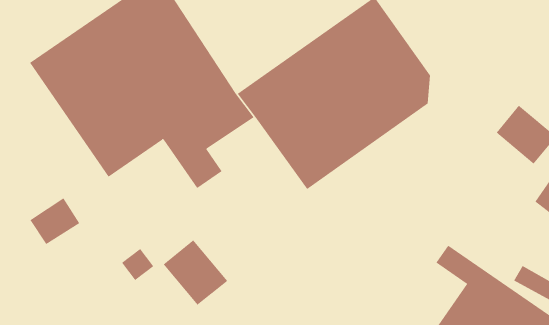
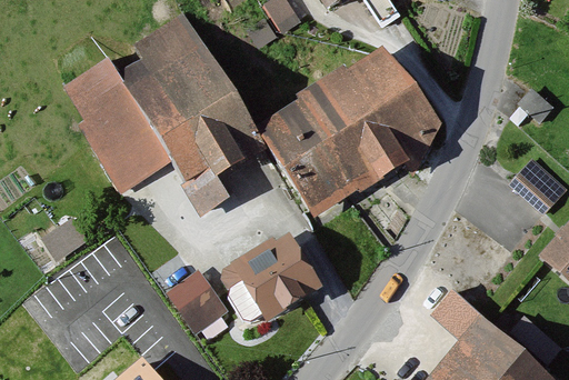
building: none -> [220,224,331,338]

